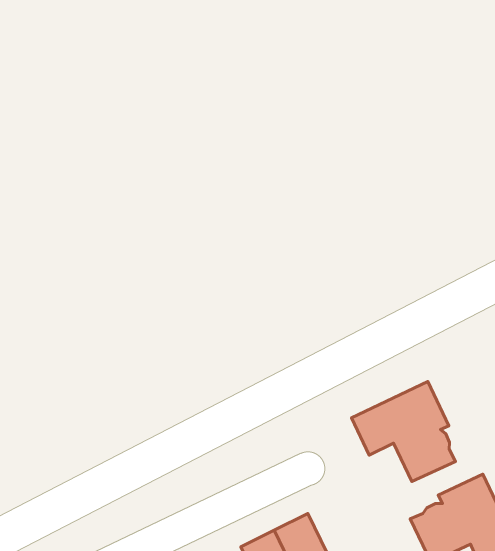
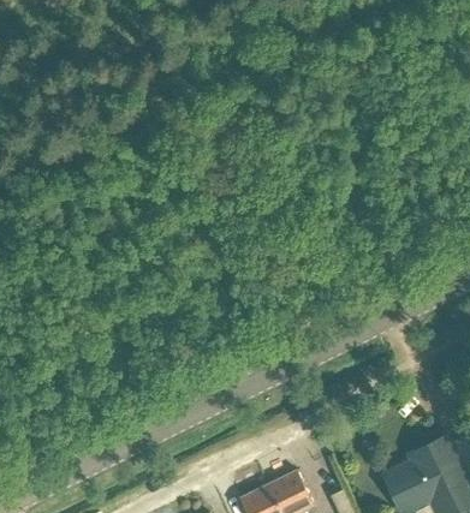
building: [352,382,455,481] -> none

